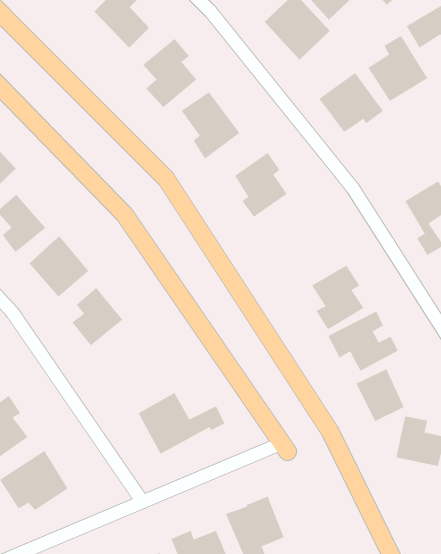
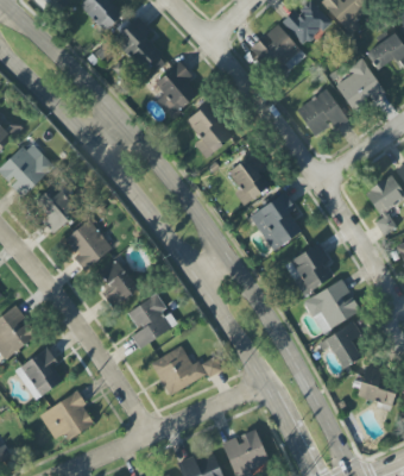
building: none -> [250,193,302,251]
building: none -> [126,294,178,347]

